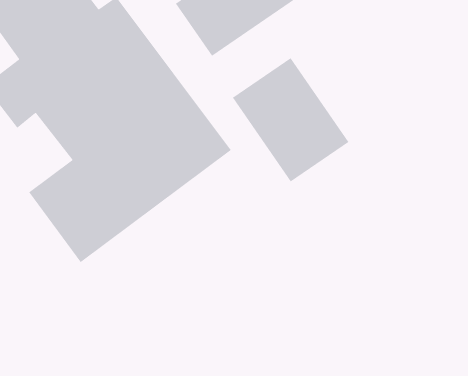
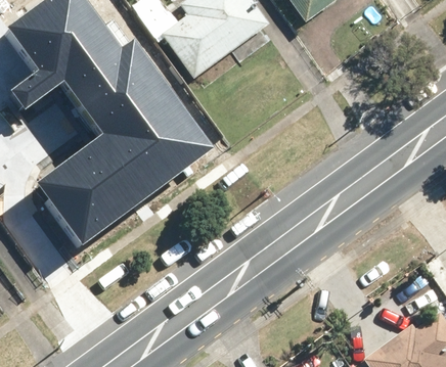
building: [232,57,350,183] -> none

